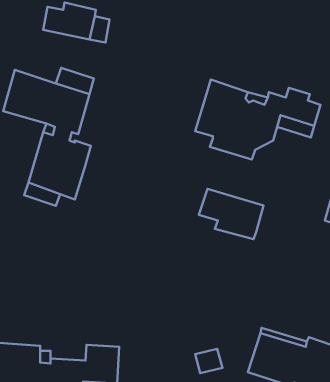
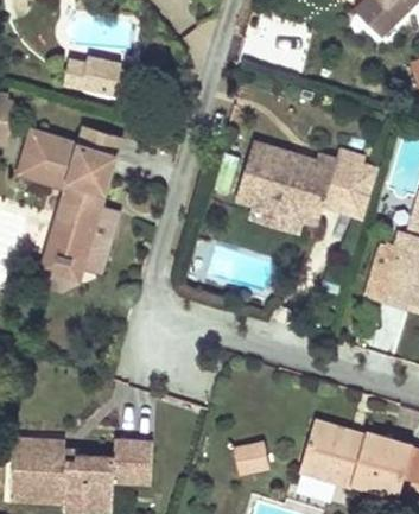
building: [199,189,263,239] -> none

